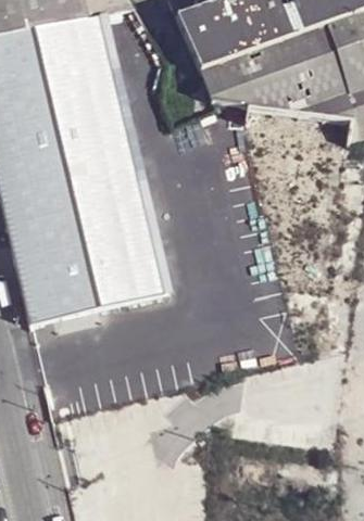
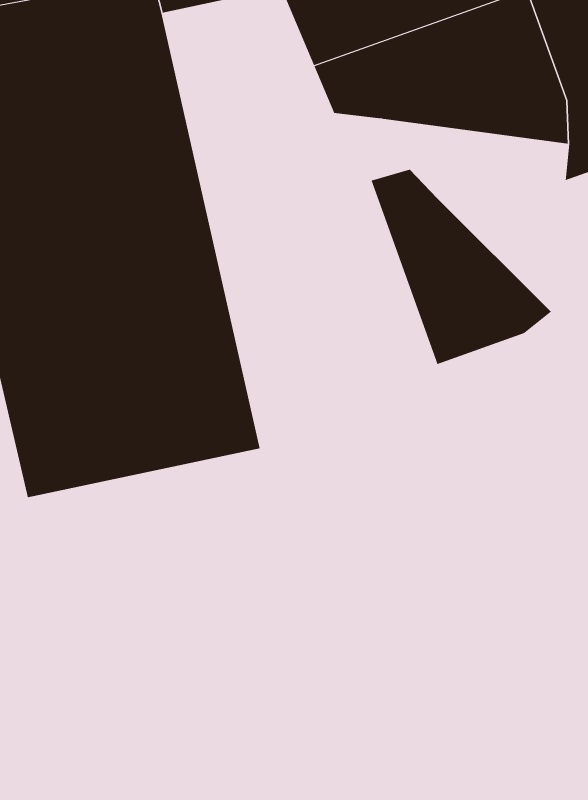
building: none -> [371,169,552,365]

